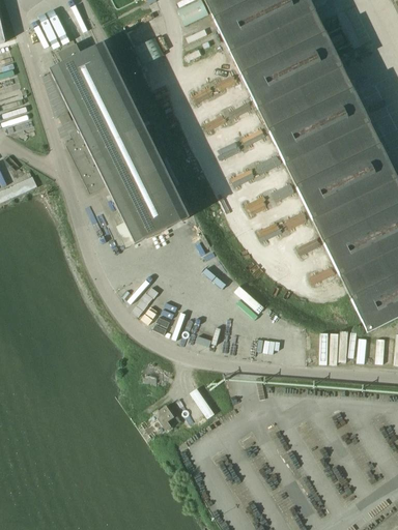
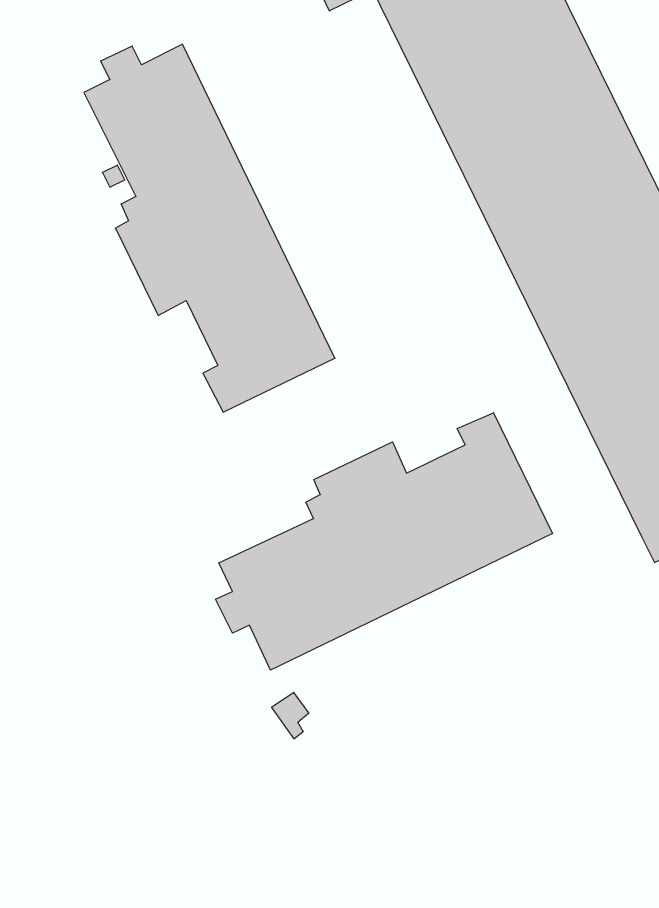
building: none -> [216,413,552,670]

